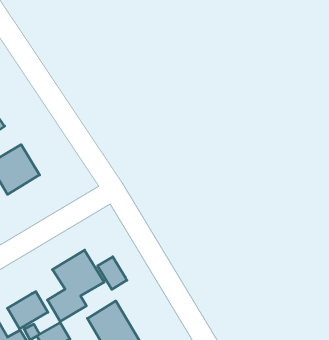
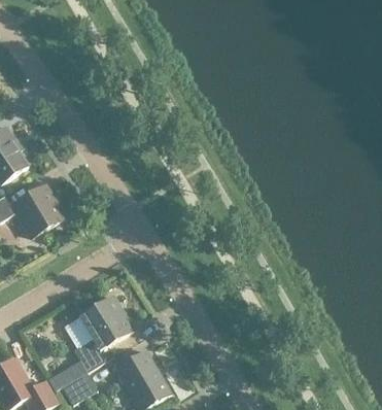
building: [98,257,127,289] -> none
building: [7,292,48,329] -> none

